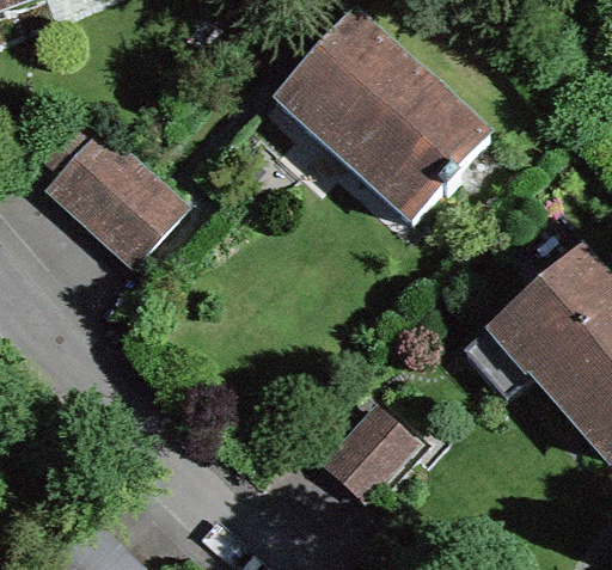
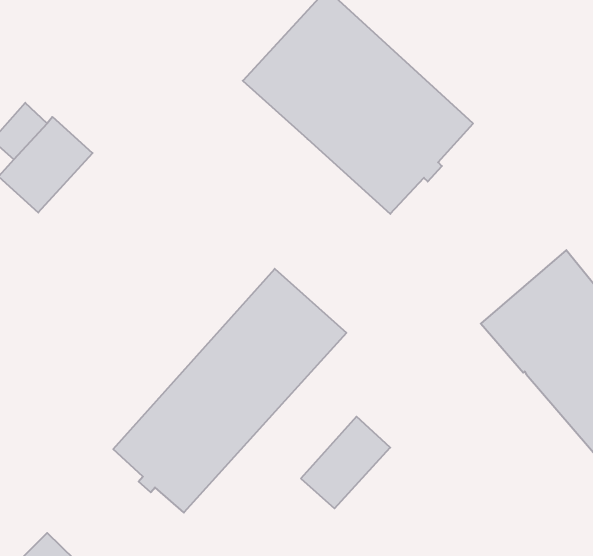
building: [86,165,184,263] -> none
building: none -> [113,269,346,513]

